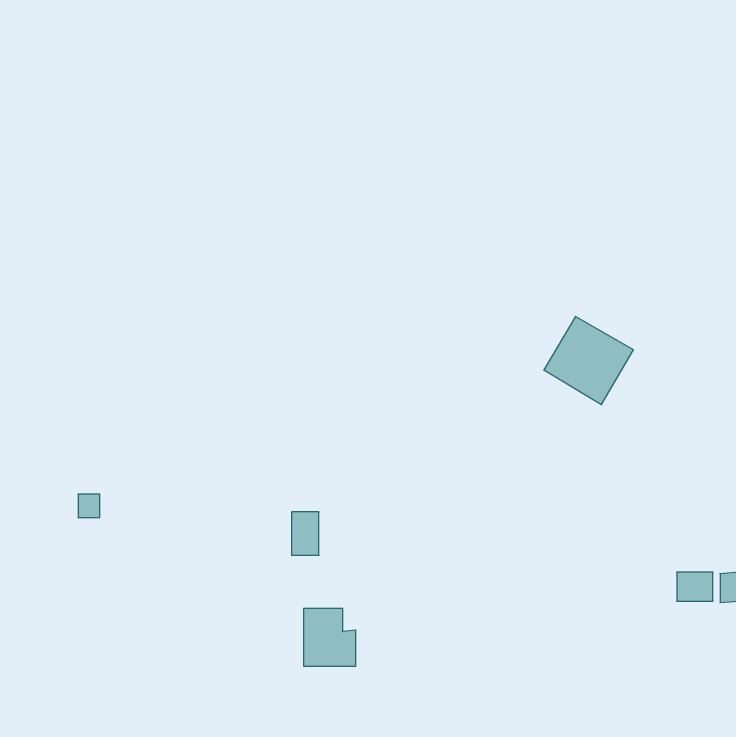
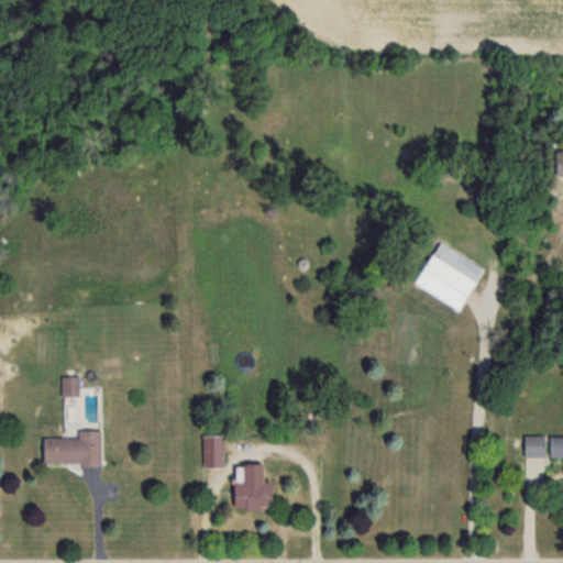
building: [292,512,319,555] -> [203,435,224,468]
building: none -> [43,430,100,464]

